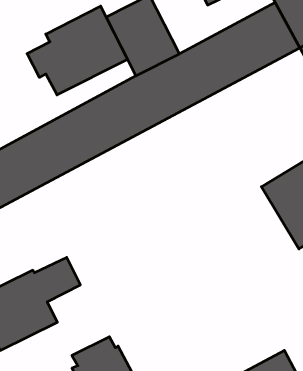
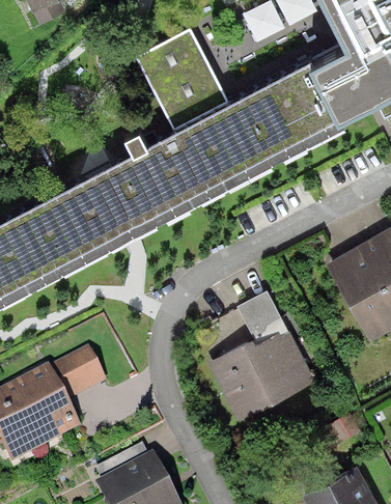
building: [27,6,128,95] -> none
building: none -> [210,289,312,416]

